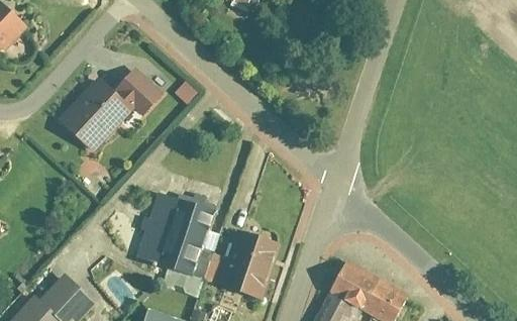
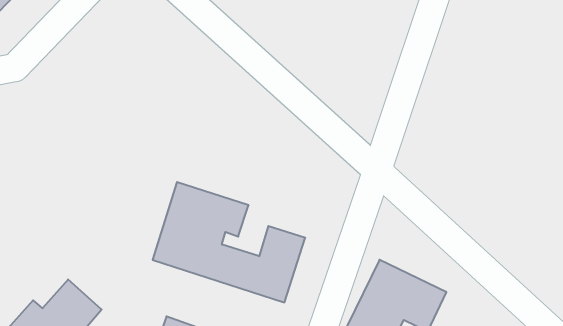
building: [58,67,162,151] -> none

